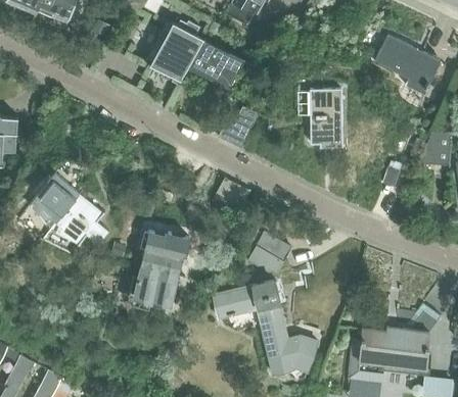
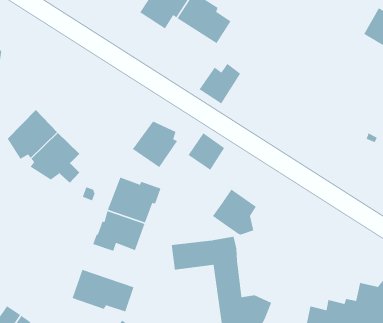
building: [312,90,345,148] -> none
building: none -> [132,120,178,168]
building: none -> [72,269,135,312]

